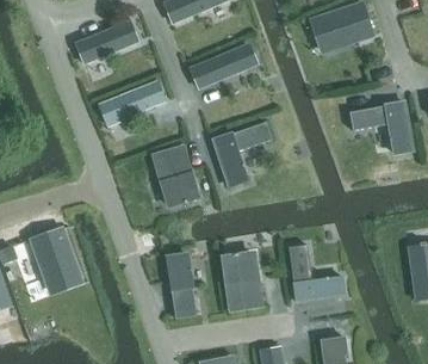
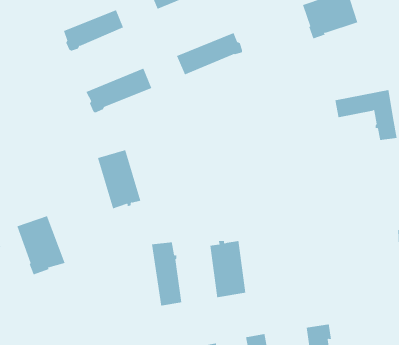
building: [213,122,272,186] -> none
building: [154,146,198,205] -> [97,150,141,209]
building: [289,245,346,301] -> none

